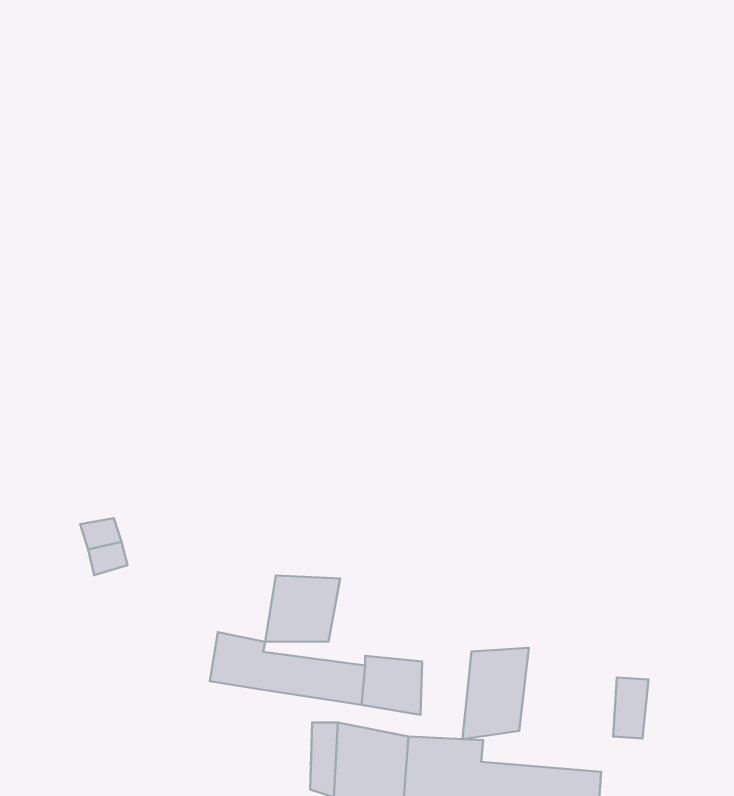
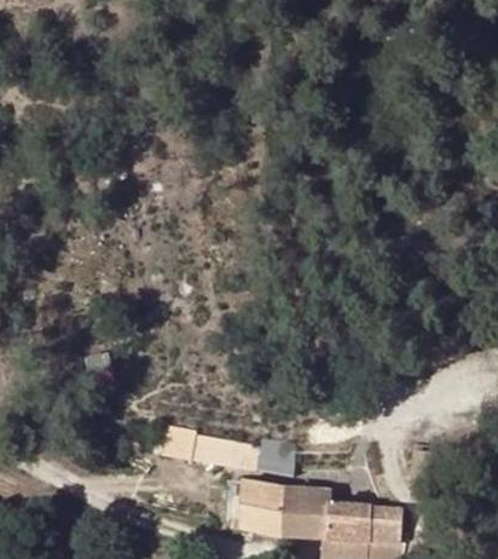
building: [265,575,340,642] -> none
building: [462,648,529,739] -> none

